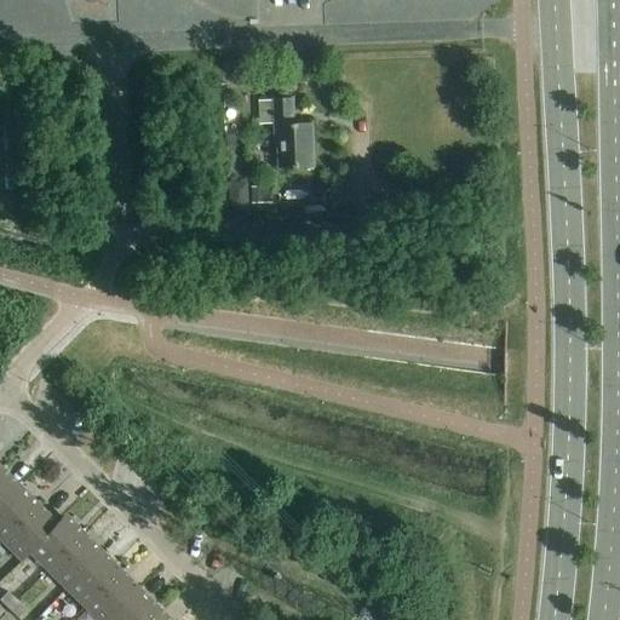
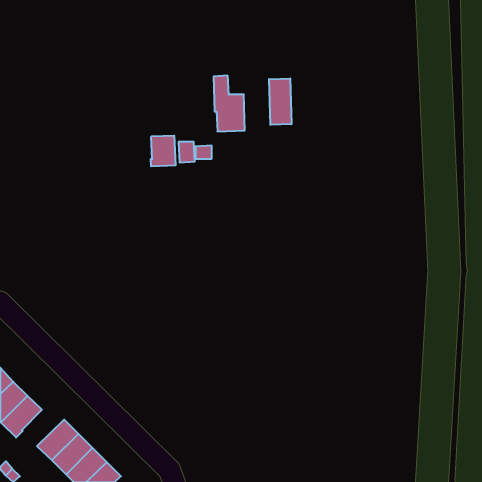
building: none -> [269,78,291,125]
building: none -> [151,136,176,166]
building: [29,517,84,572] -> none

